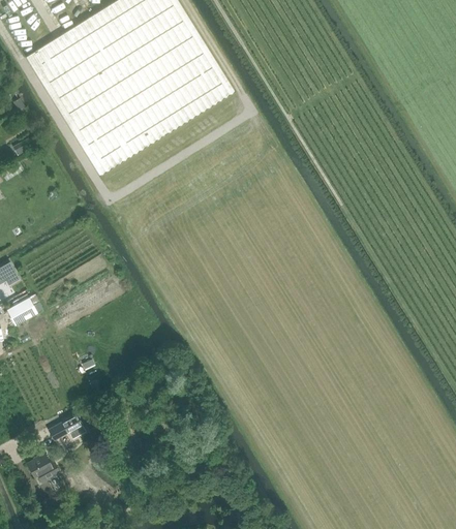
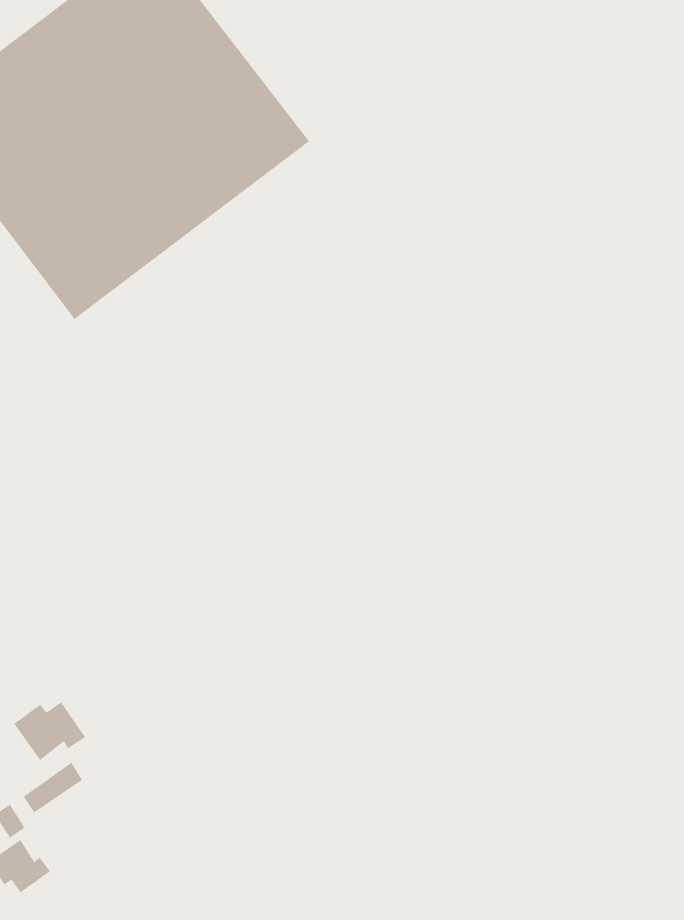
building: none -> [14,701,86,761]

